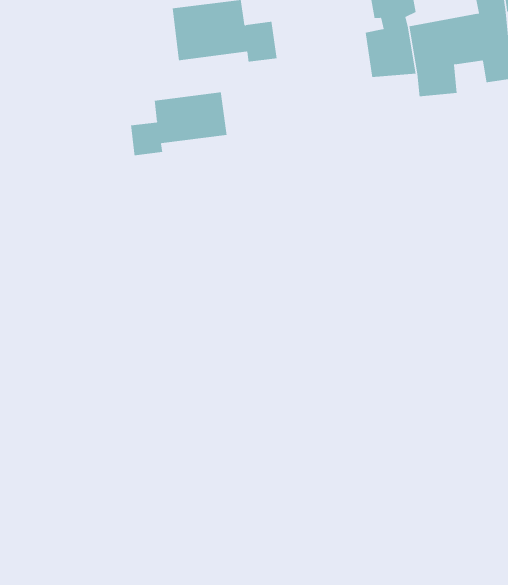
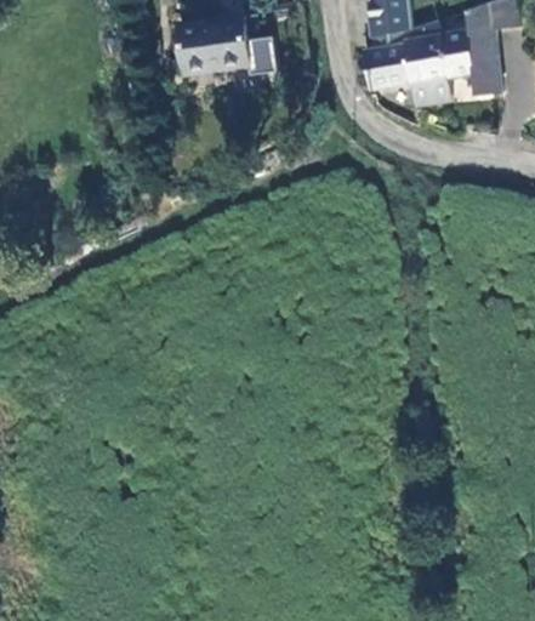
building: [131,91,227,156] -> none

